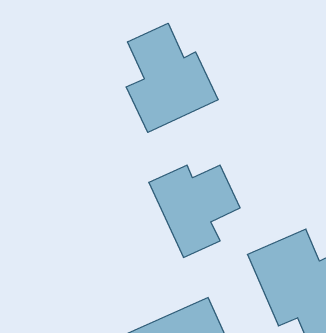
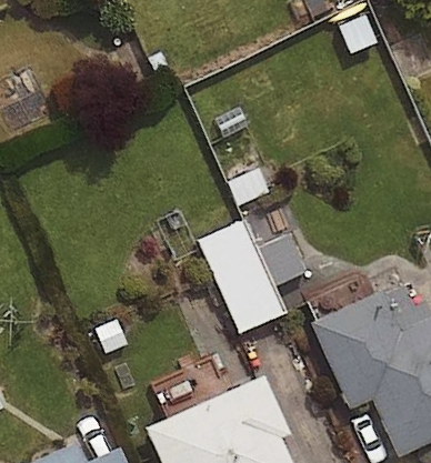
building: [126,23,218,132] -> none

